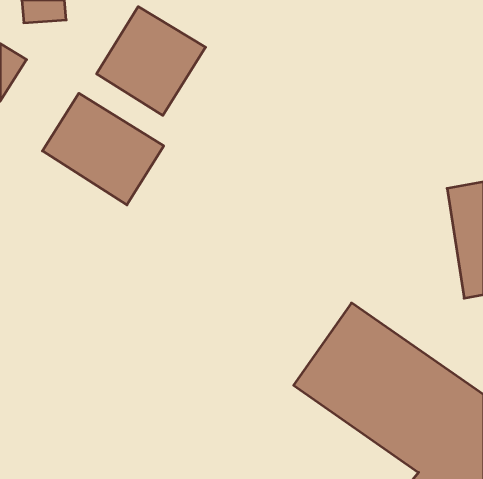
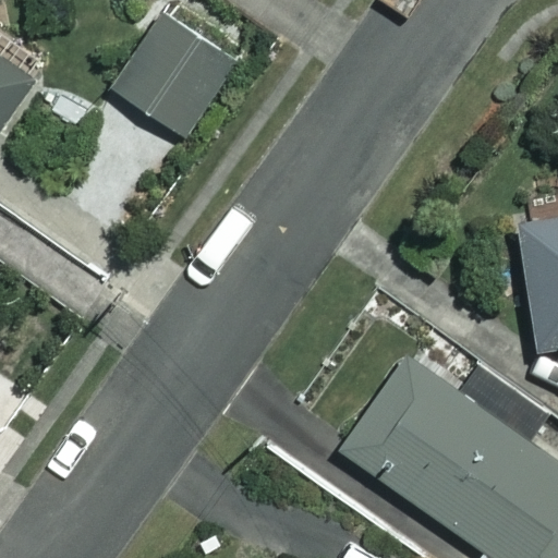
building: [42,93,164,205] -> none

